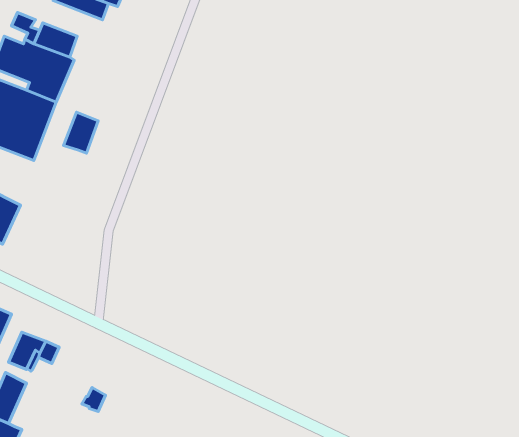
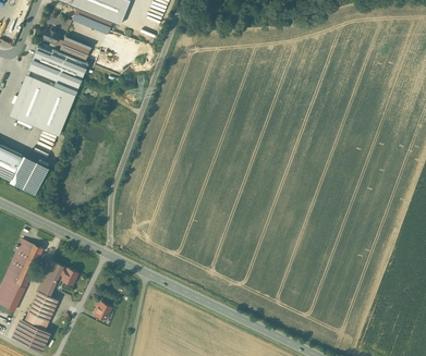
building: [64,112,98,153] -> none

